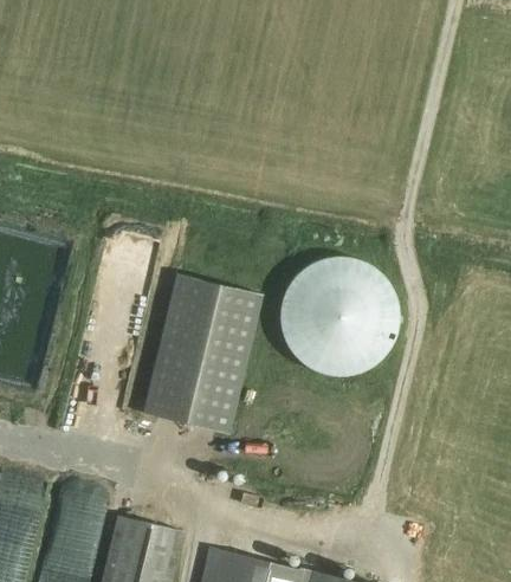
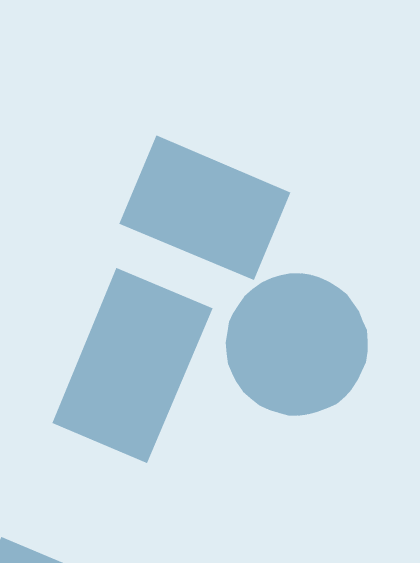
building: none -> [118,134,291,281]

